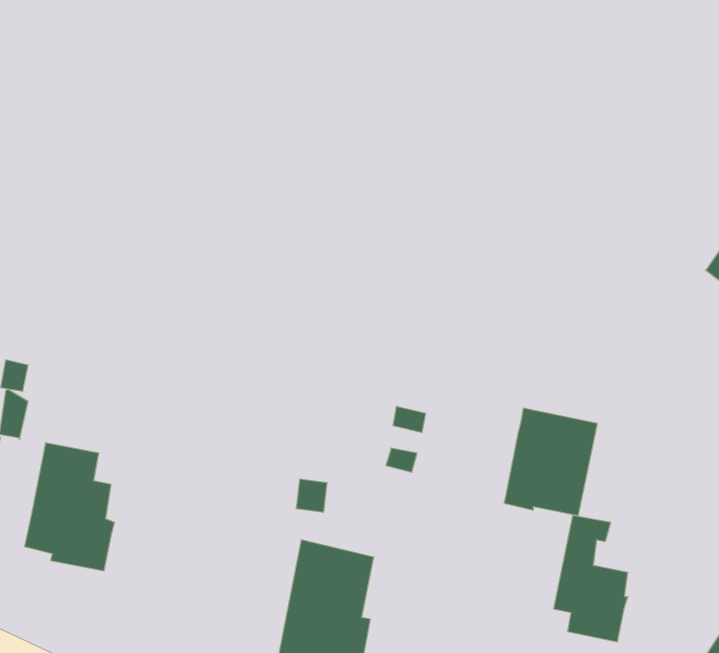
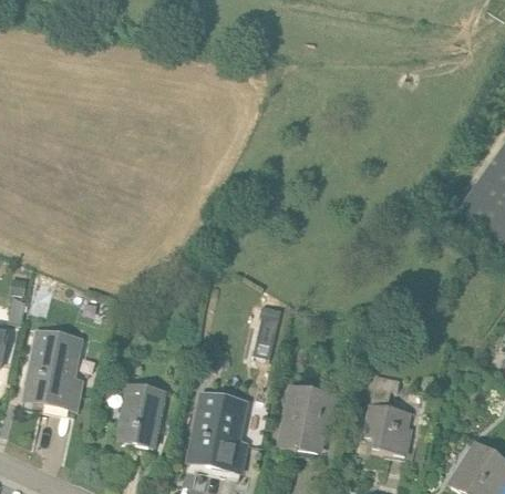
building: [504,408,597,515] -> [279,384,339,453]
building: none -> [116,380,169,447]

